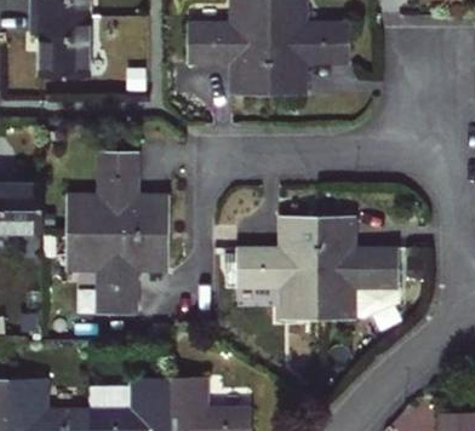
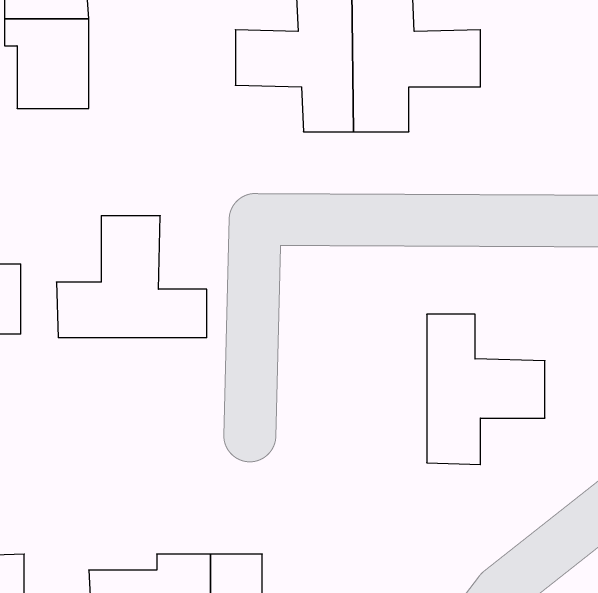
building: [238,217,317,317] -> none
building: [68,232,168,315] -> none

